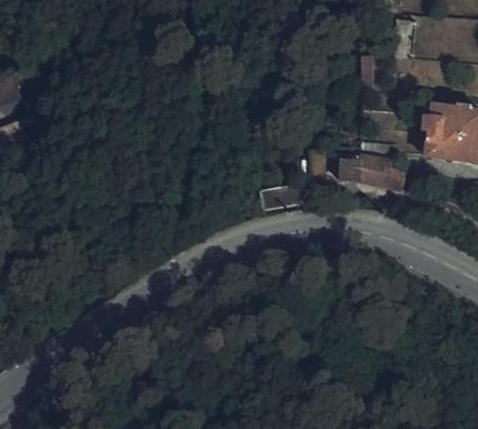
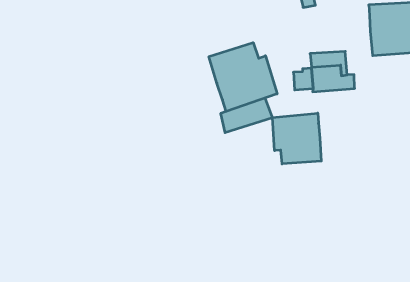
building: none -> [209,43,277,111]
building: none -> [273,113,321,164]

